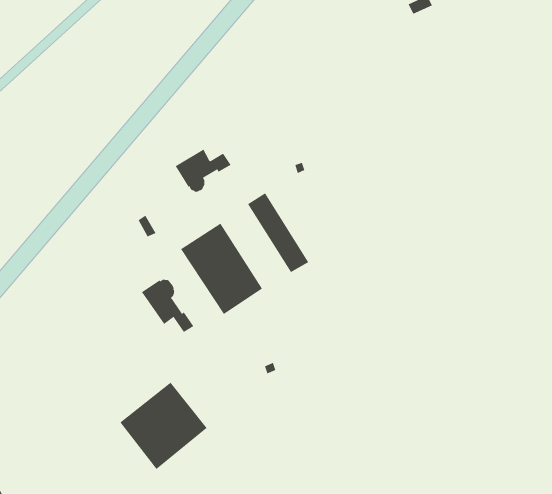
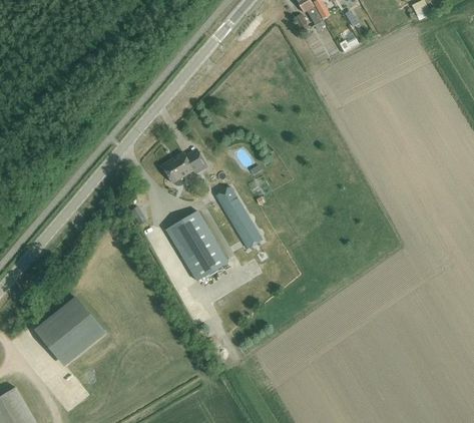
building: [141,279,194,333] -> none
building: [119,382,208,470] -> [36,298,103,365]

